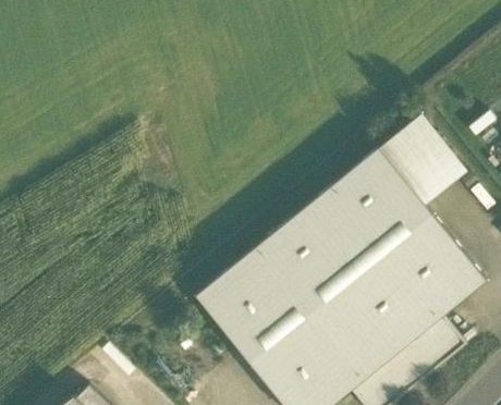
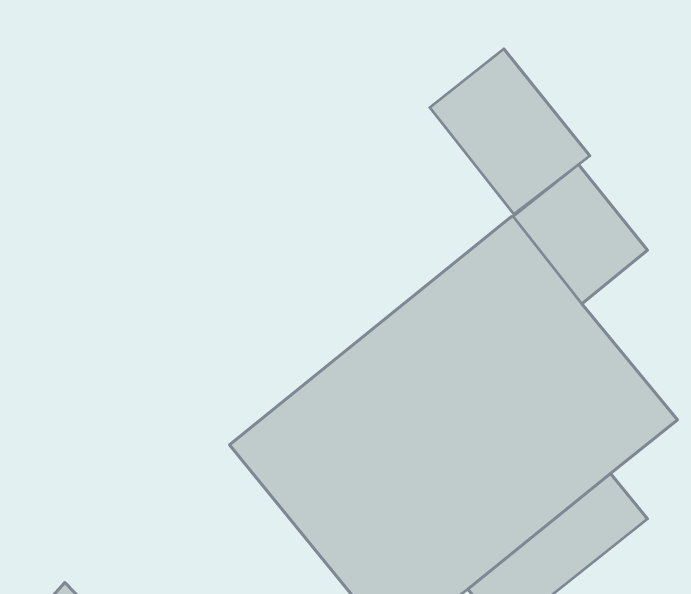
building: none -> [430,49,590,214]

